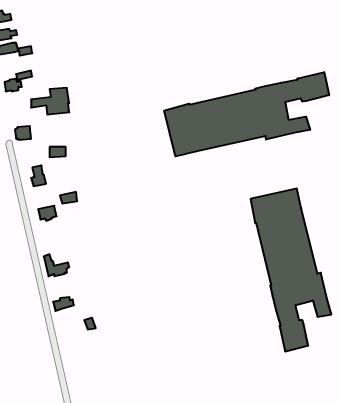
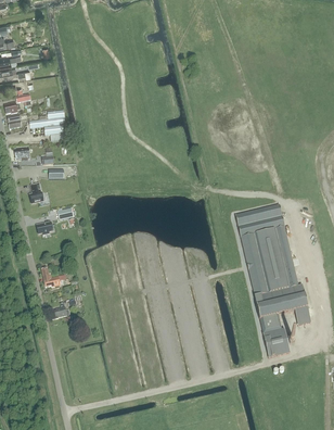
building: [164,72,329,156] -> none

